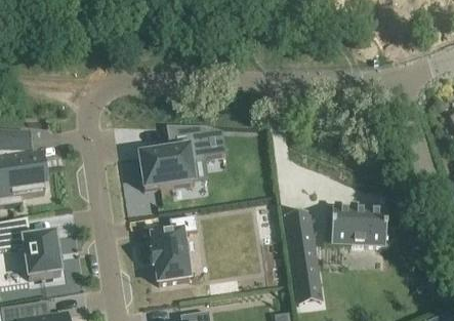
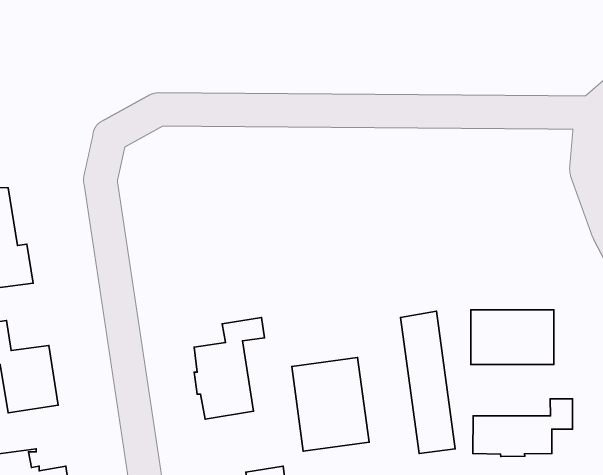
building: [138,122,225,188] -> none
building: none -> [292,357,369,451]
building: none -> [473,399,573,456]

